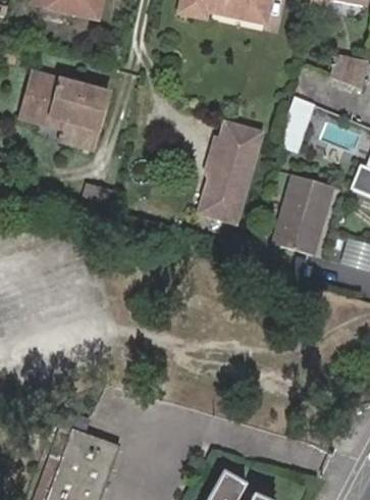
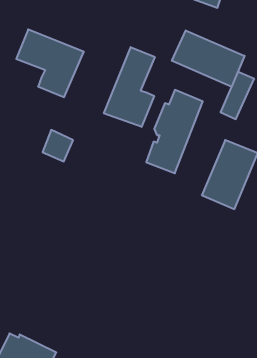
building: none -> [172,30,245,87]
building: [18,67,67,126] -> none
building: none -> [104,47,155,127]

